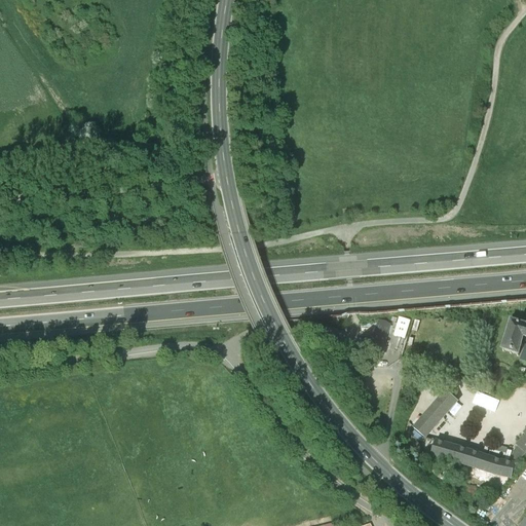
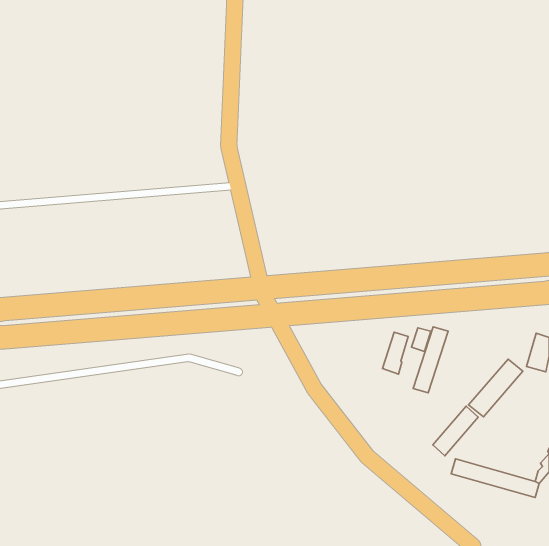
building: none -> [413,327,448,393]
building: none -> [469,359,523,417]

